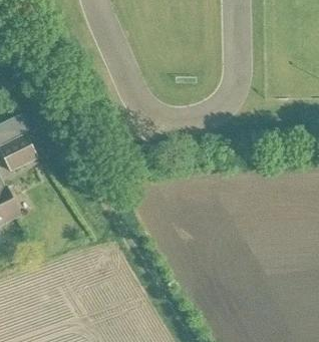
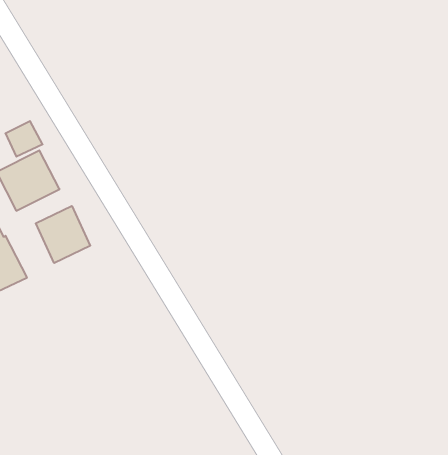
building: none -> [36,206,90,263]

